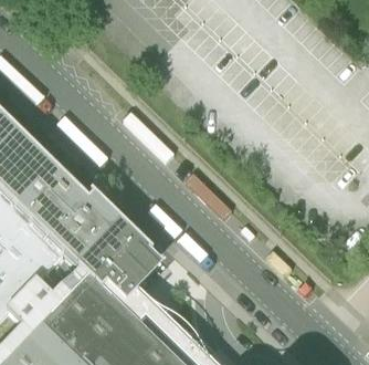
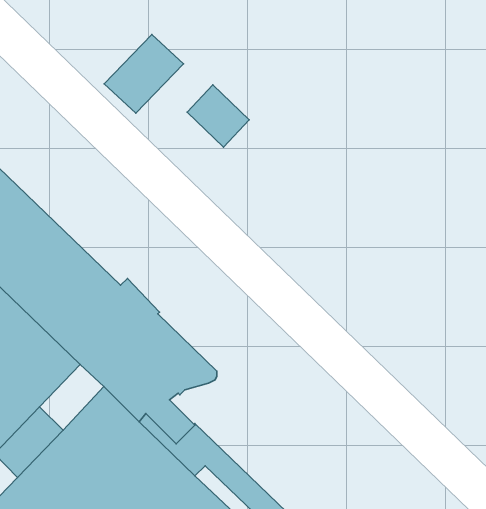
building: none -> [104,34,183,113]
building: none -> [187,85,249,147]

